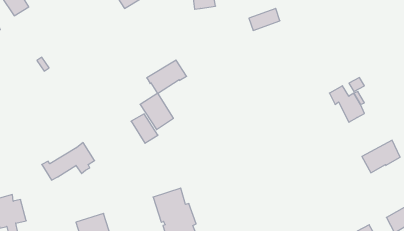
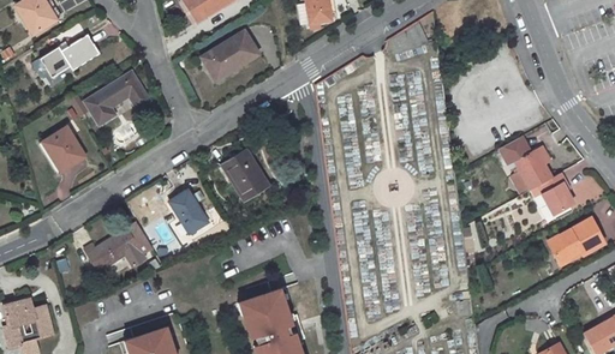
building: none -> [40,34,100,77]
building: none -> [85,72,149,124]
building: [147,60,187,93] -> [201,30,259,79]
building: none -> [42,126,86,172]
building: none -> [541,173,573,215]
building: [131,114,158,143] -> [168,190,208,233]

